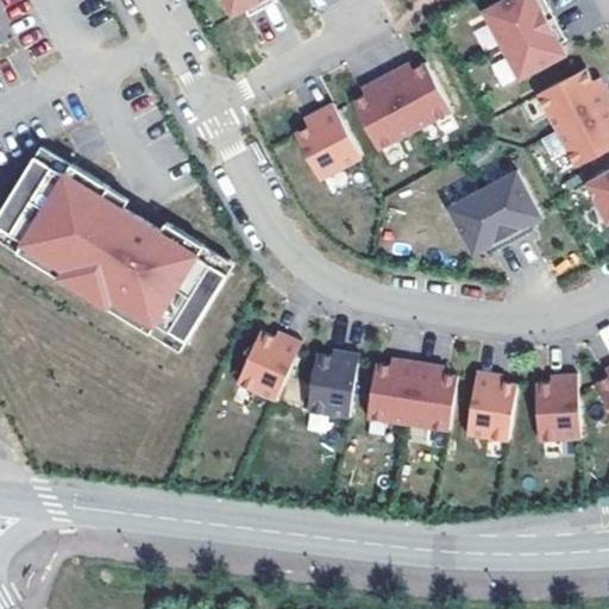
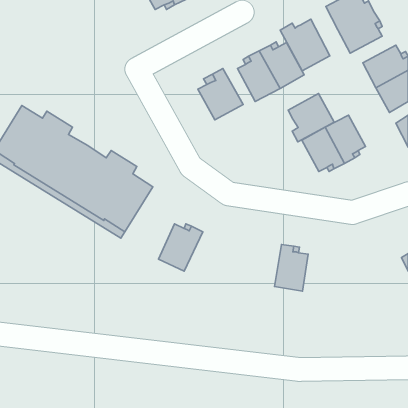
building: none -> [280,19,330,71]
building: none -> [288,94,334,142]
building: [306,350,357,416] -> none
building: [365,358,416,423] -> none
building: [465,371,516,441] -> none
building: [534,375,579,441] -> none

